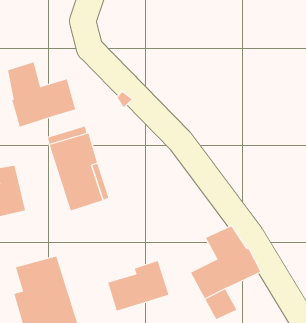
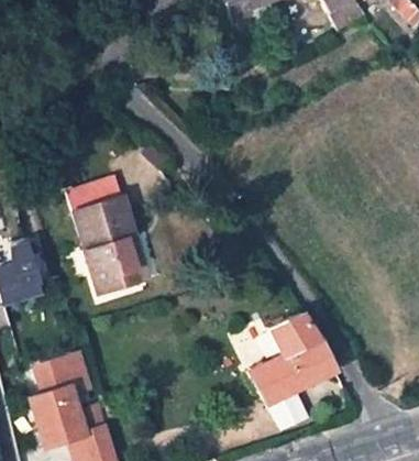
building: [8,61,76,127] -> none
building: [108,260,169,311] -> none

